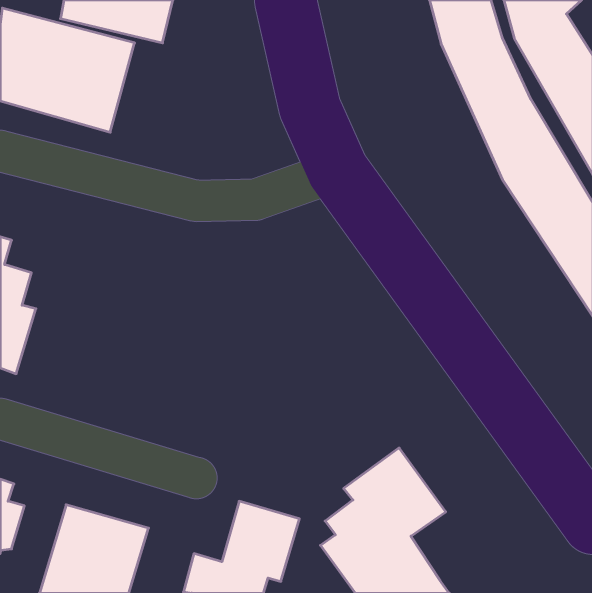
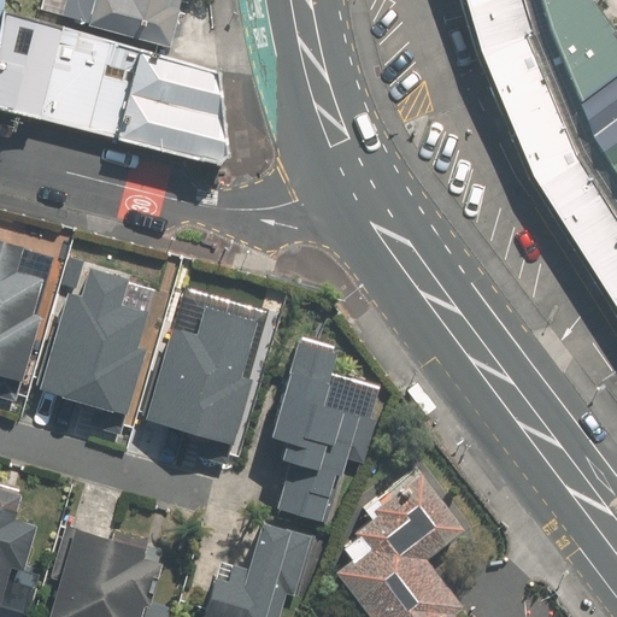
building: none -> [117,45,229,164]
building: none -> [53,255,171,415]
building: none -> [160,288,283,448]
building: none -> [275,342,377,518]

